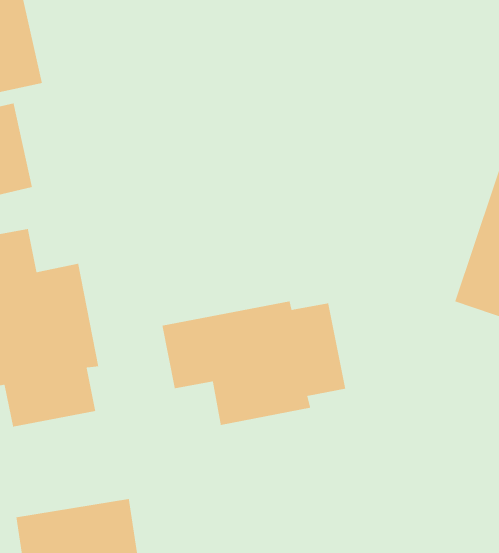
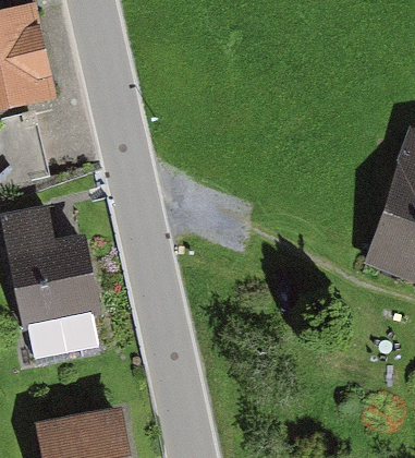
building: [161,300,346,426] -> none

